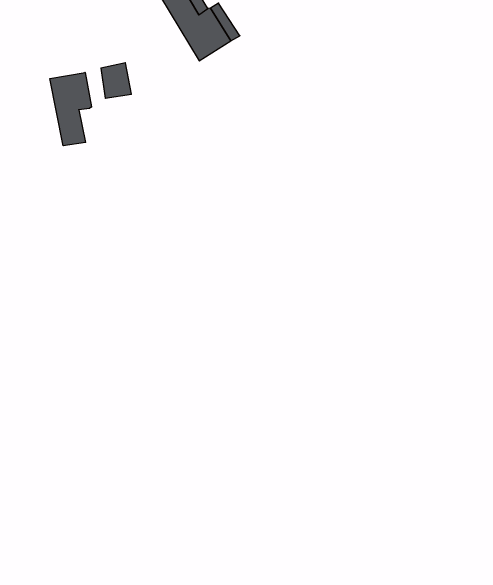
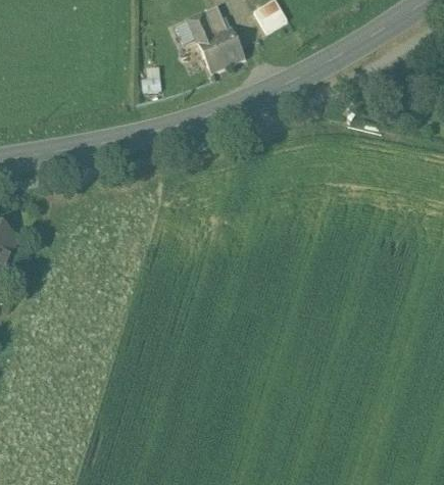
building: [50,72,92,146] -> none

